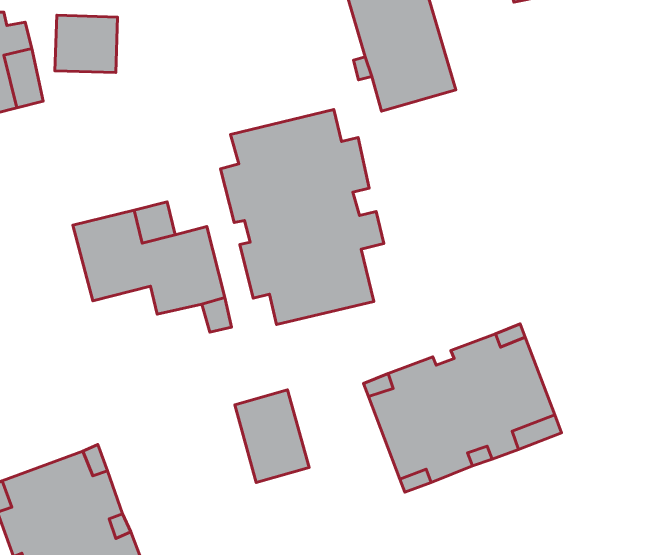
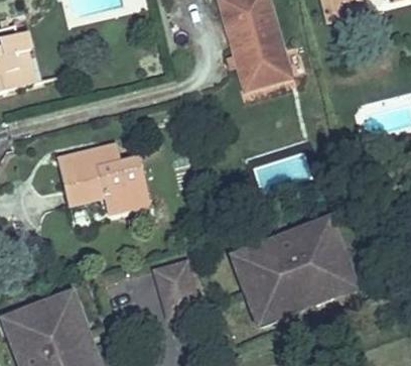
building: [55,15,117,73] -> none
building: [221,110,384,325] -> none

